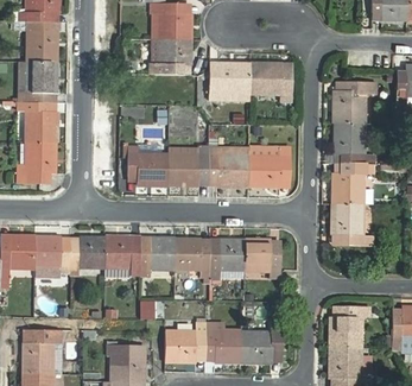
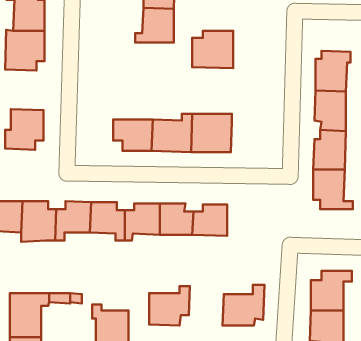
building: [251,62,291,101] -> none
building: [18,101,58,143] -> none
building: [248,154,290,185] -> none
building: [245,239,281,271] -> none
building: [205,322,241,362] -> none

